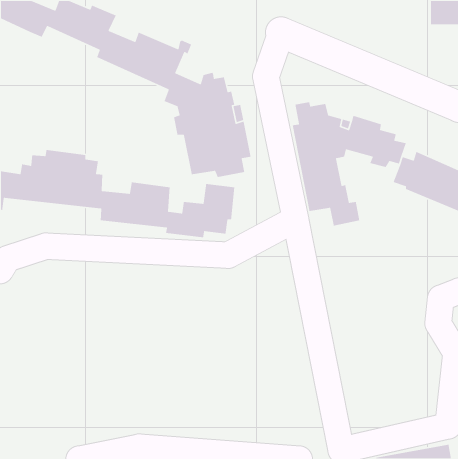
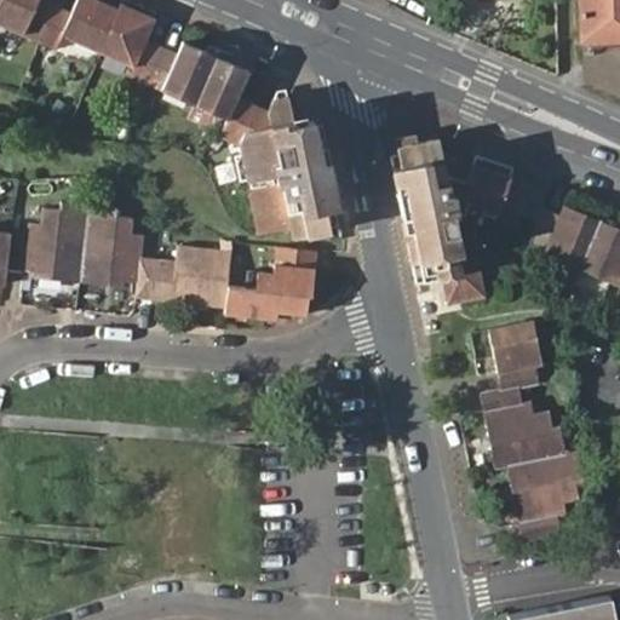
building: none -> [477,320,582,541]

